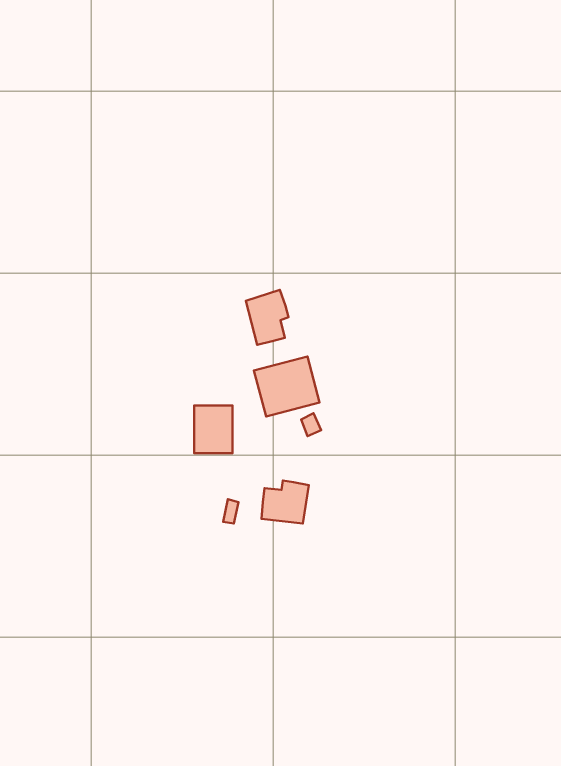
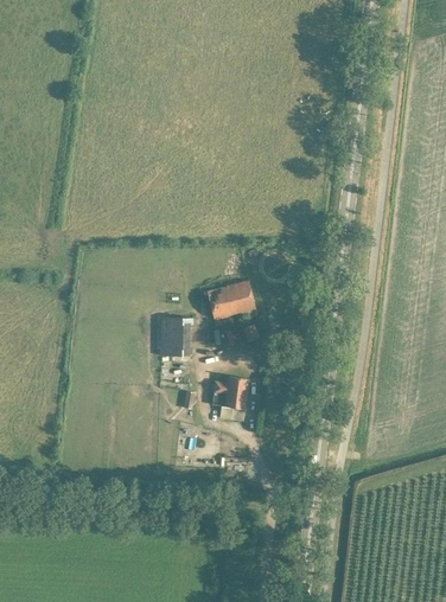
building: [246,290,289,345] -> none

